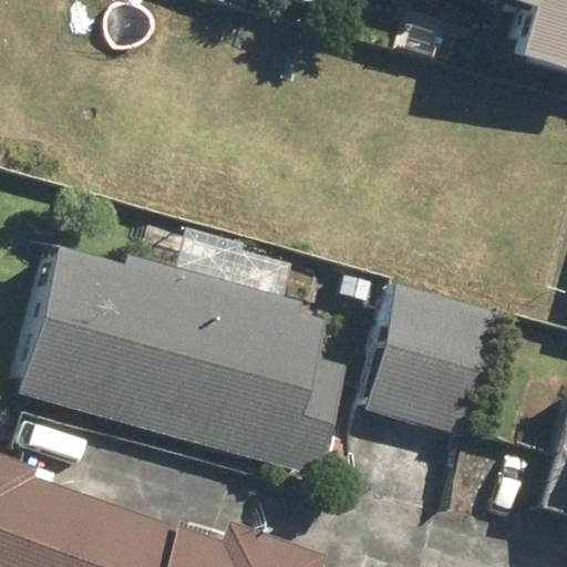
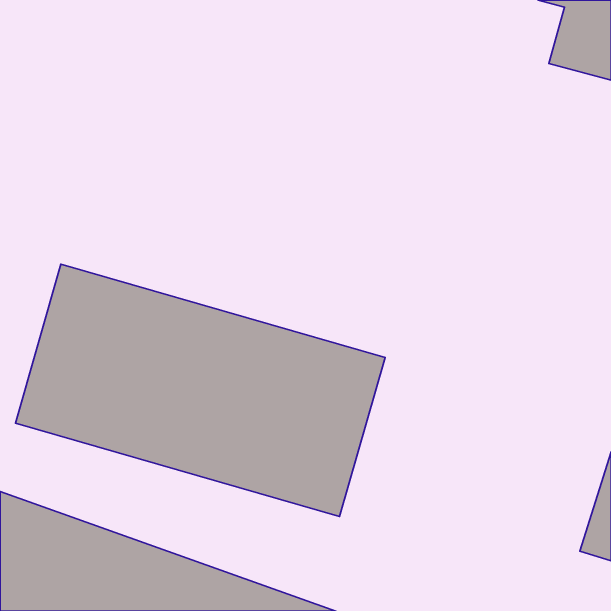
building: [358,284,498,439] -> none

